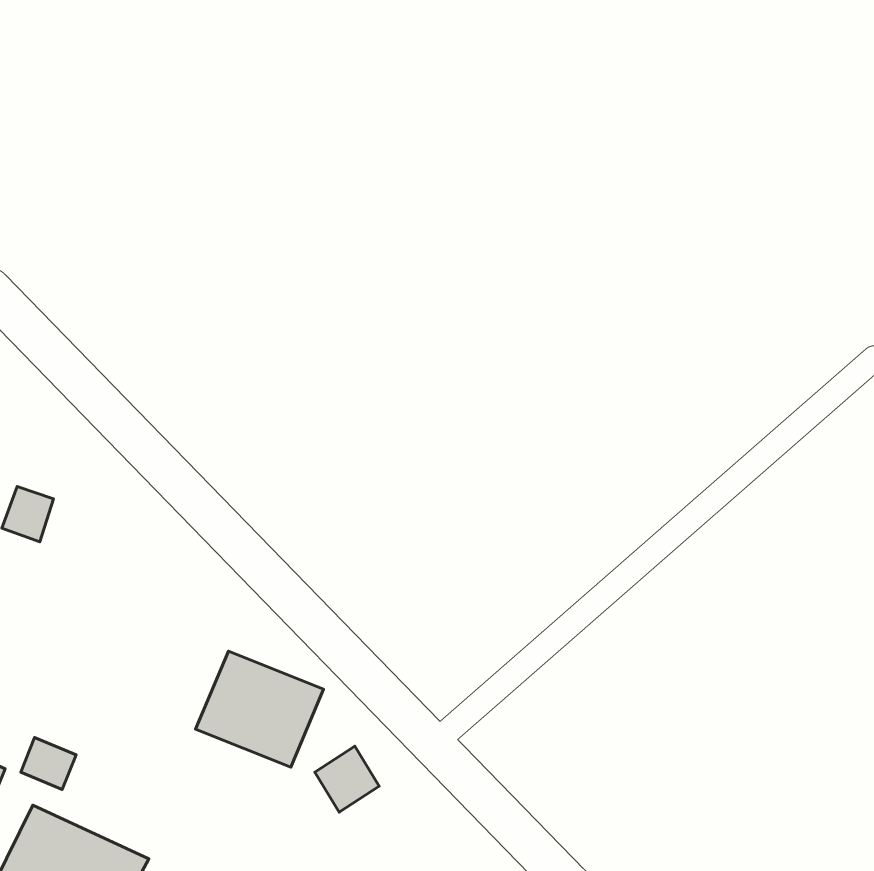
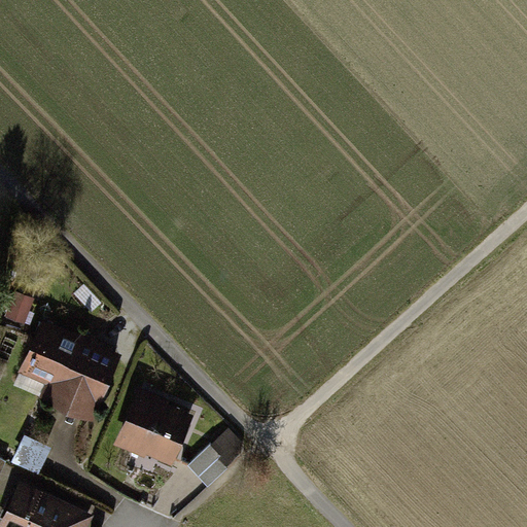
building: none -> [19,330,113,419]

